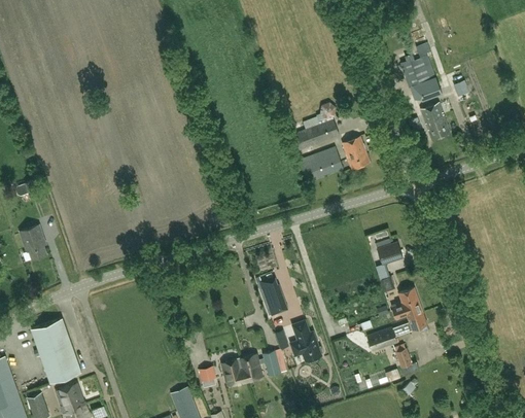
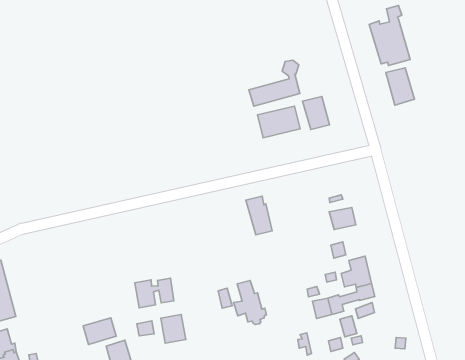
building: [259,277,287,315] -> [246,196,272,235]
building: [241,351,280,382] -> [135,278,174,308]
building: none -> [83,318,116,344]

